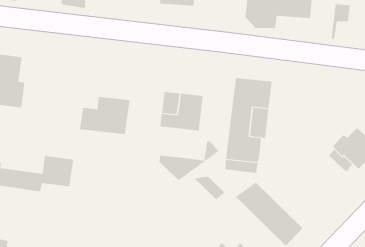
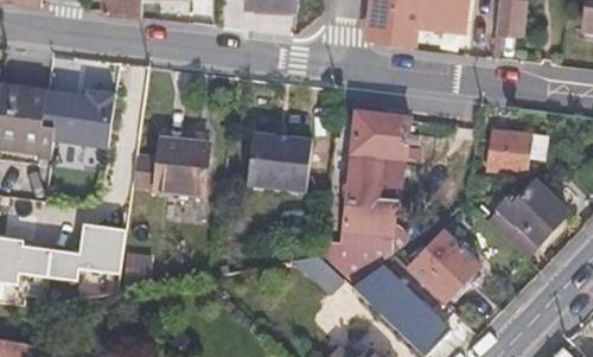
building: none -> [47,84,116,148]
building: none -> [489,132,530,174]
building: [159,140,219,181] -> [323,223,409,281]
building: none -> [407,235,474,301]

